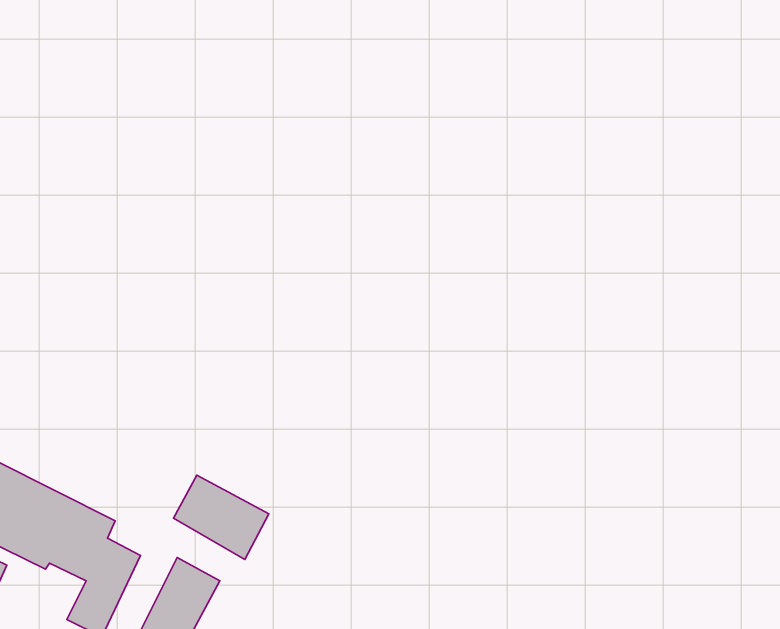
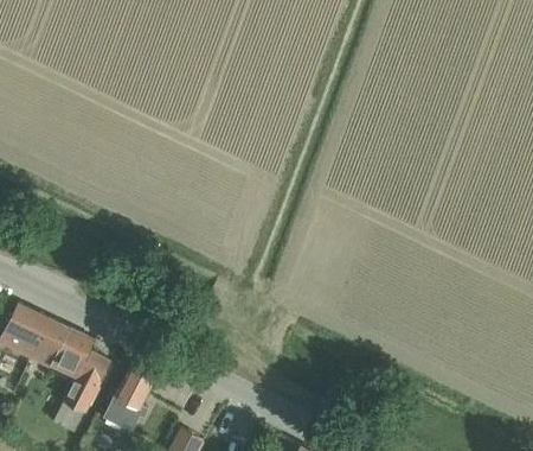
building: [173,475,269,559] -> none

